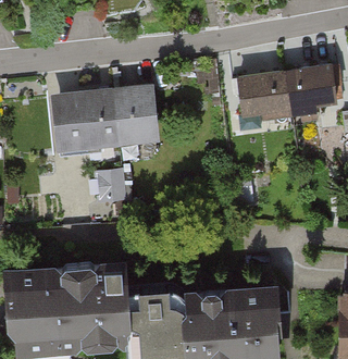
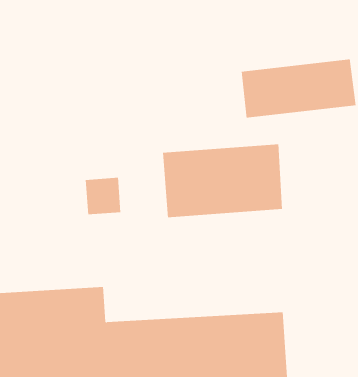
building: [49,86,153,150] -> [162,144,283,218]

